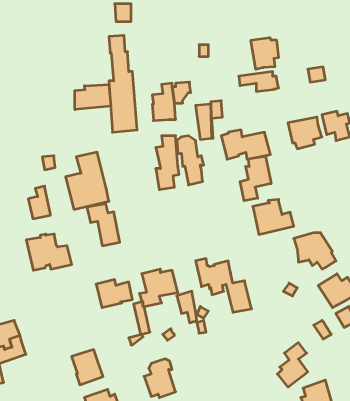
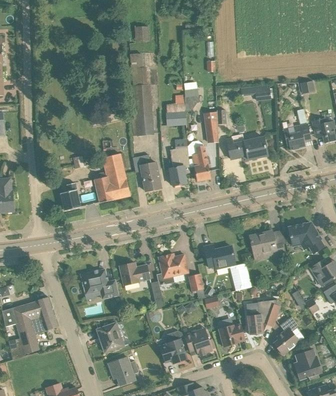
building: [251,38,278,69] -> none
building: [75,85,111,110] -> none
building: [240,156,271,201] -> none
building: [253,199,294,234] -> [249,231,284,261]
building: [87,204,120,246] -> [132,155,160,191]
building: [26,234,72,270] -> [80,269,119,300]
building: none -> [247,303,280,334]
building: none -> [218,323,244,347]
building: none -> [183,327,212,356]

